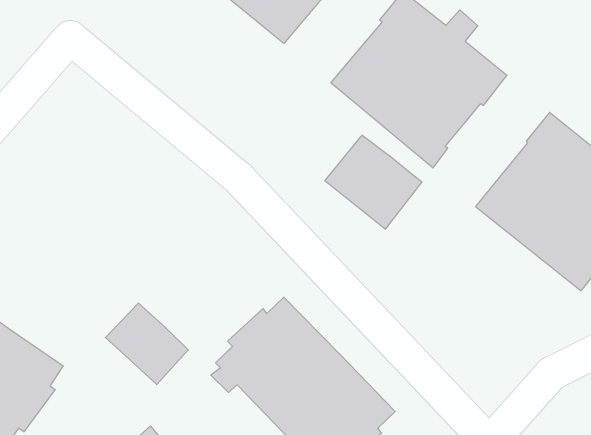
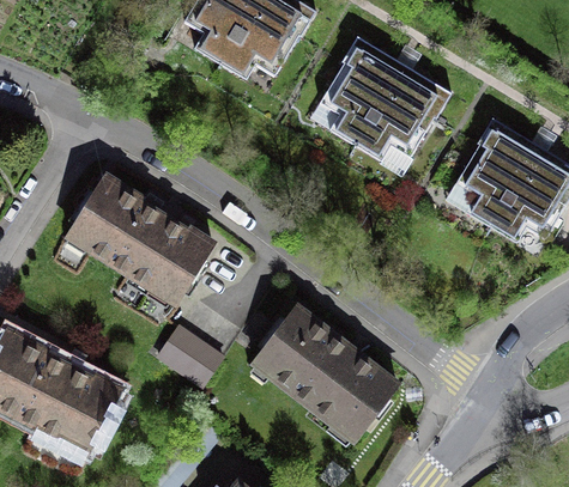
building: none -> [62,169,218,315]
building: [325,135,422,229] -> none

